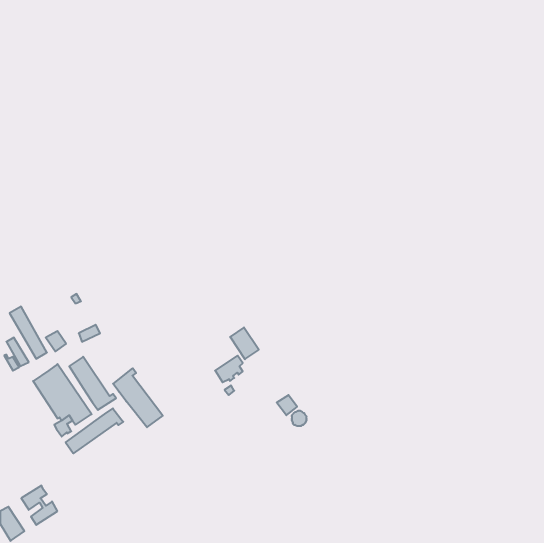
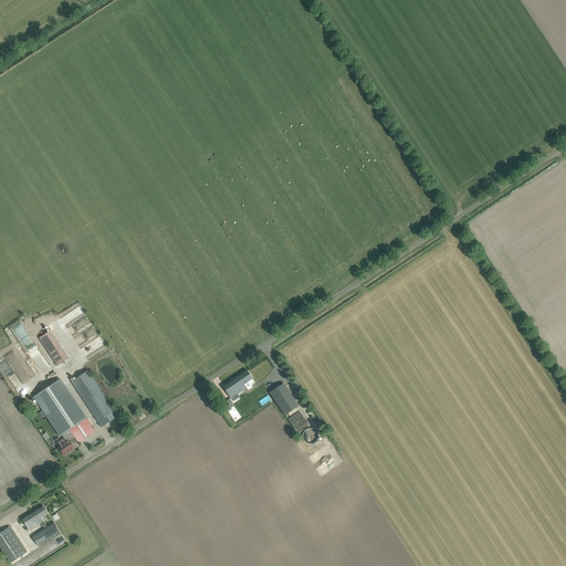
building: [230,327,259,359] -> [270,381,300,415]
building: [113,368,163,427] -> none
building: [66,408,123,453] -> none

